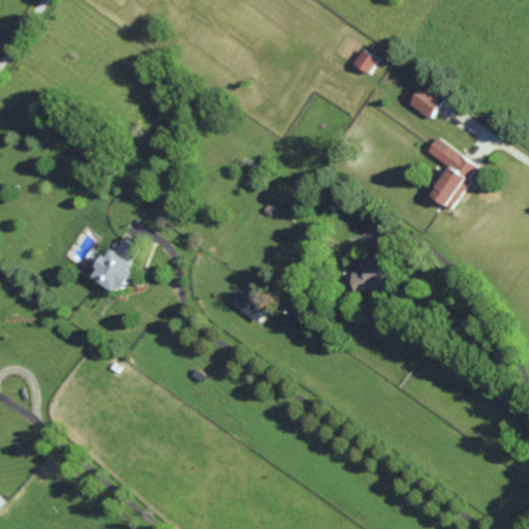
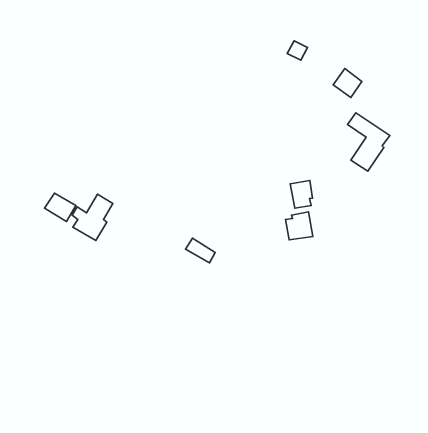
building: none -> [290,181,312,208]
building: none -> [45,193,76,221]

